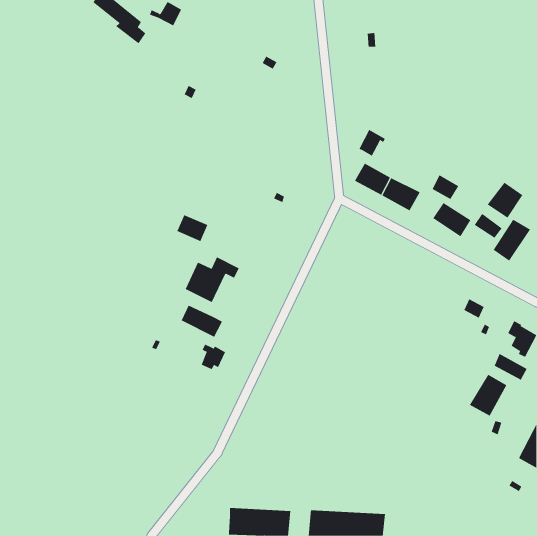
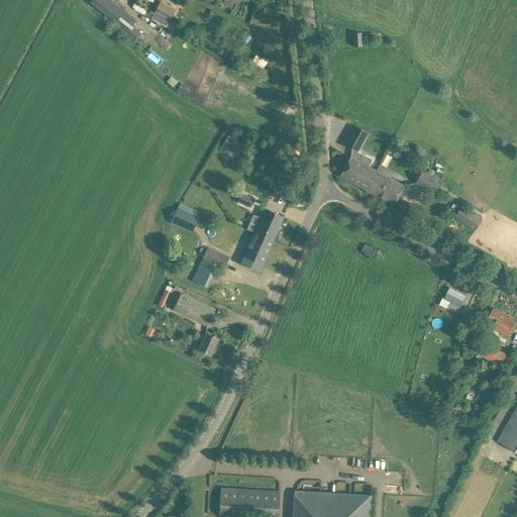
building: [487,182,523,219] -> none
building: [433,202,471,237] -> none
building: none -> [240,207,284,271]
building: [493,219,531,261] -> none
building: [469,374,507,416] -> none

